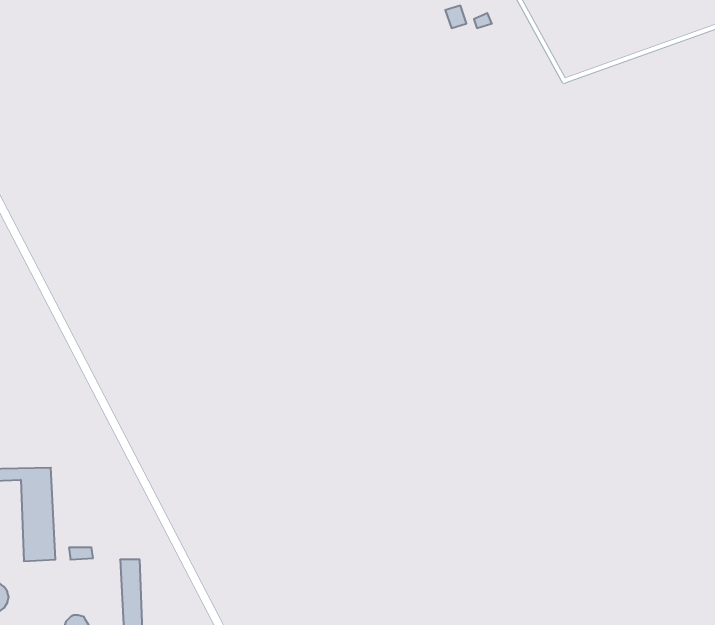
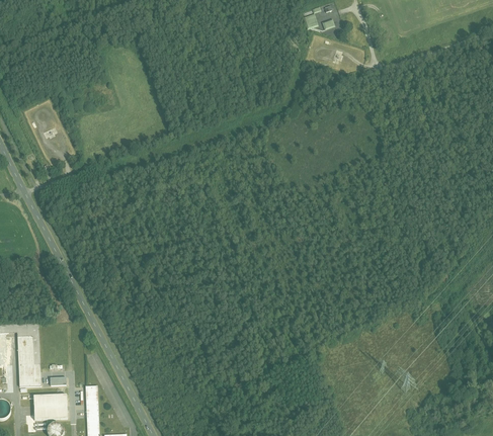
building: none -> [33,395,67,420]

